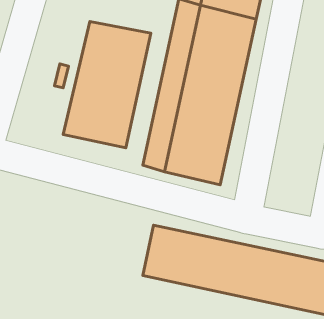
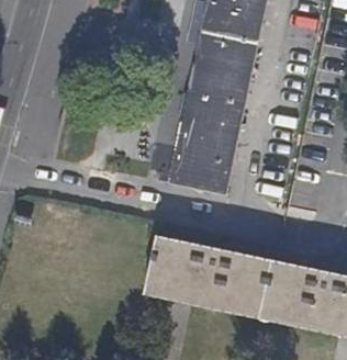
building: [63,21,151,148] -> none

